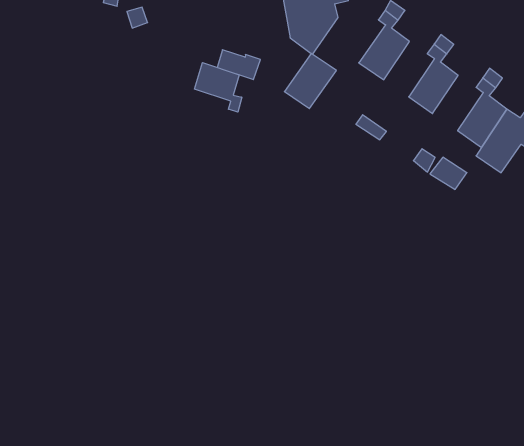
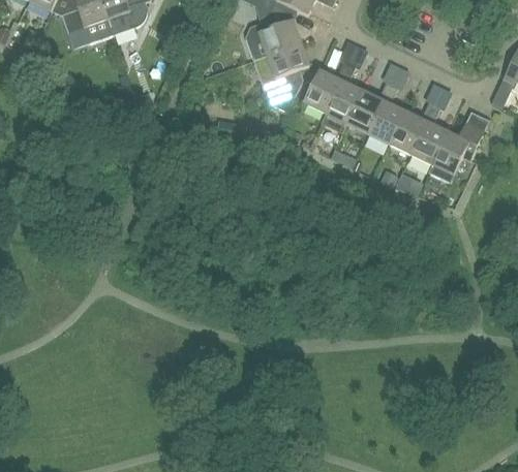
building: none -> [346,89,384,132]
building: [284,54,336,109] -> [303,68,341,112]
building: [194,63,242,112] -> none
building: none -> [389,109,426,153]

